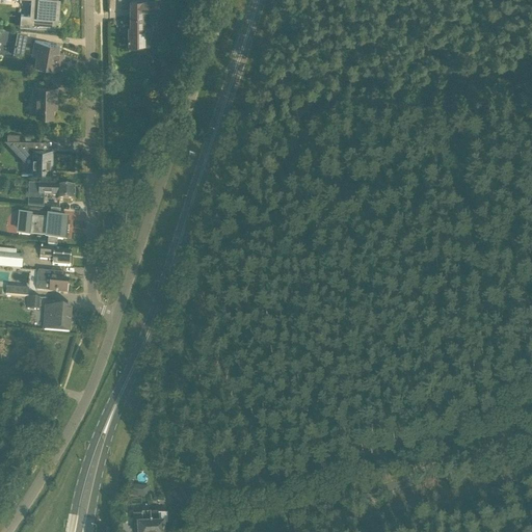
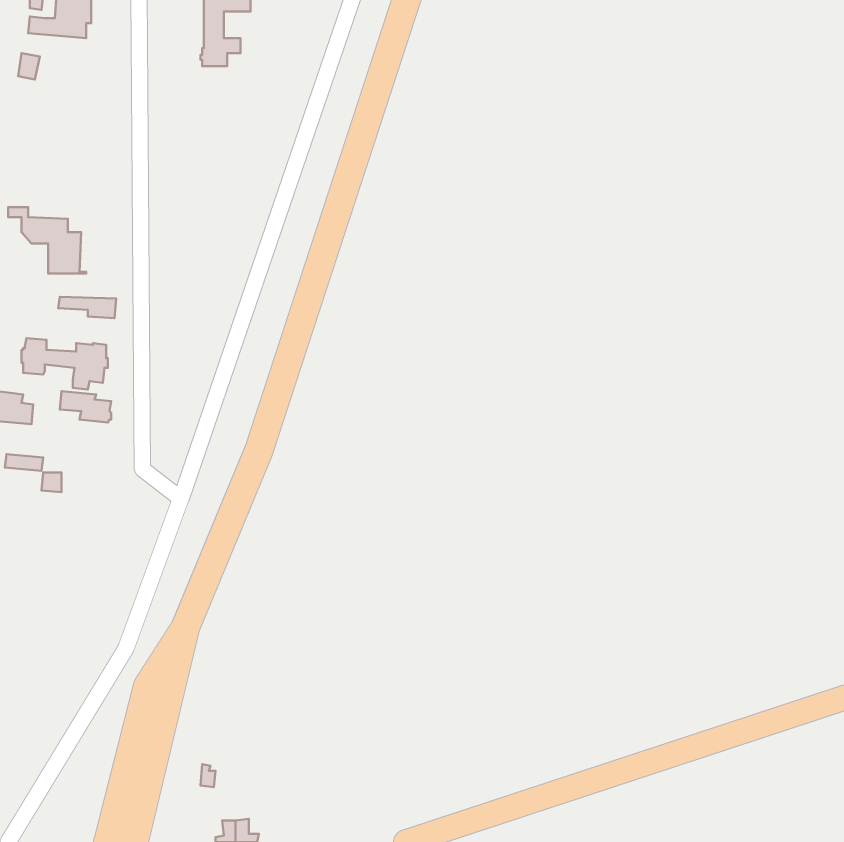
building: [30,36,60,66] -> none
building: [31,83,55,113] -> none
building: [34,269,66,292] -> none
building: [42,305,69,330] -> none

